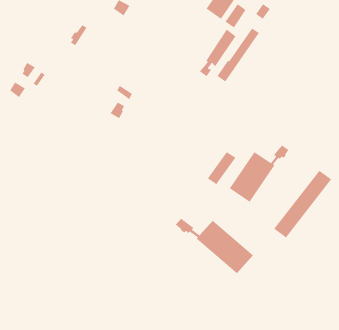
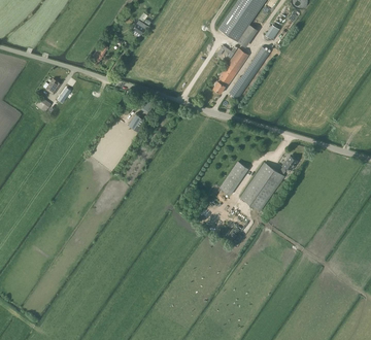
building: [273,170,332,238] -> none
building: [175,218,254,274] -> none

